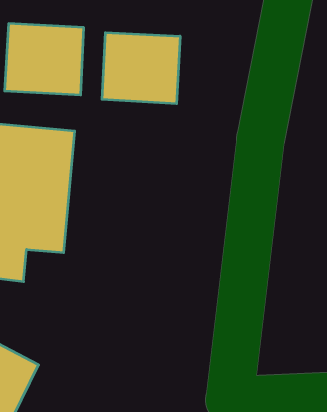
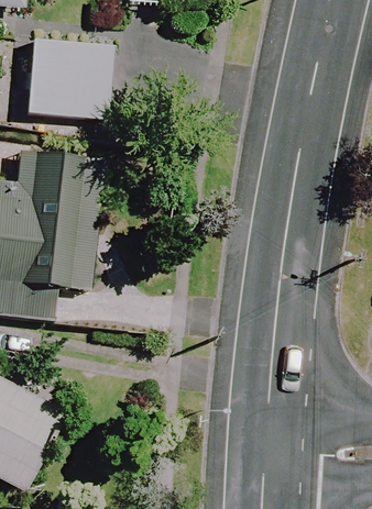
building: [102,33,180,104] -> none

